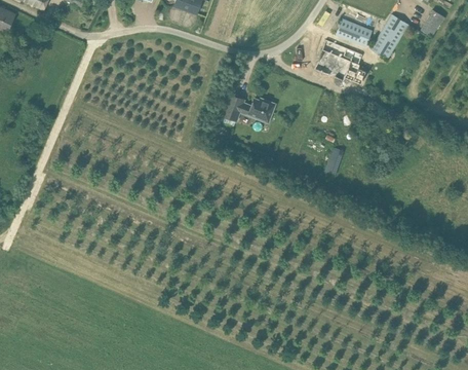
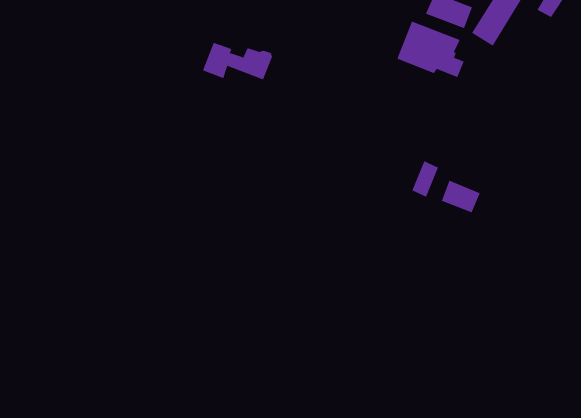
building: [221,95,274,123] -> [202,42,273,80]
building: none -> [441,180,480,213]

